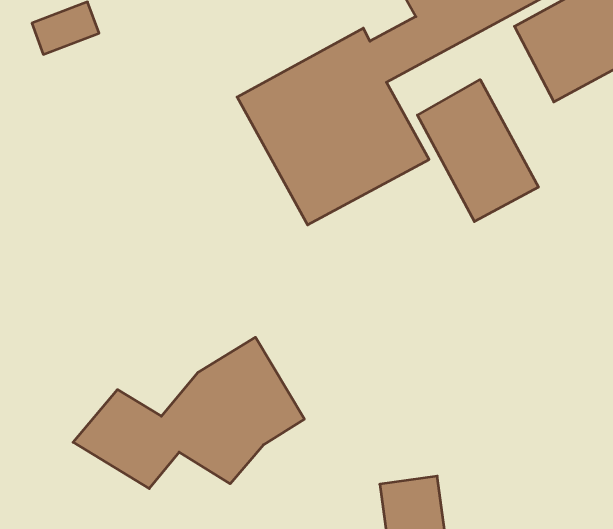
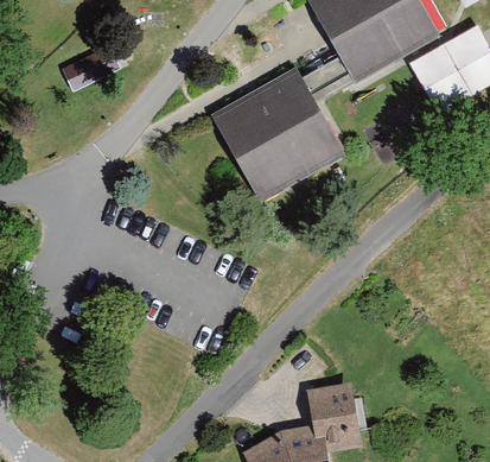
building: [417,80,538,222] -> none
building: [73,337,304,489] -> none

